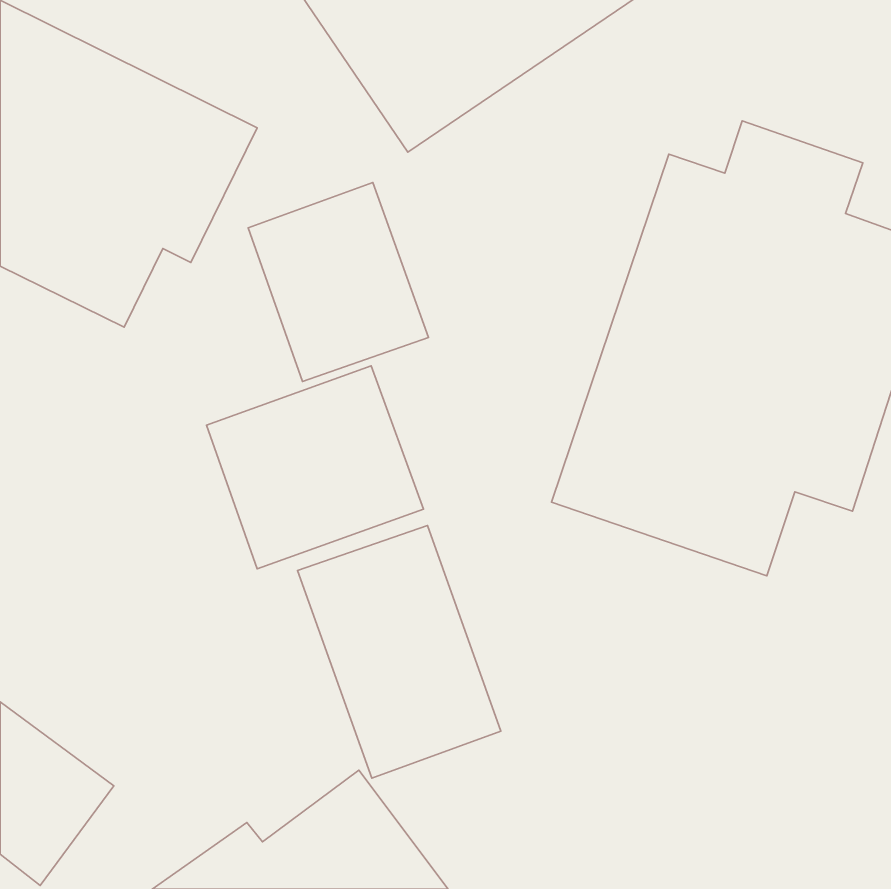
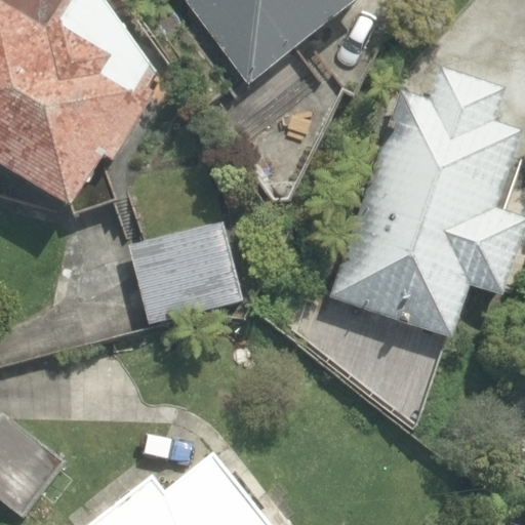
building: [248,182,428,381] -> none
building: [297,525,501,778] -> none

